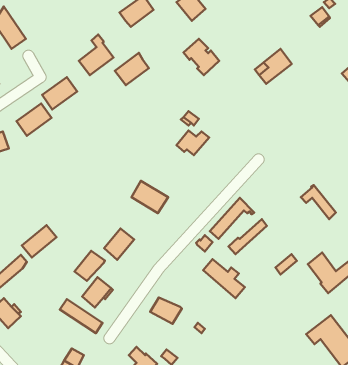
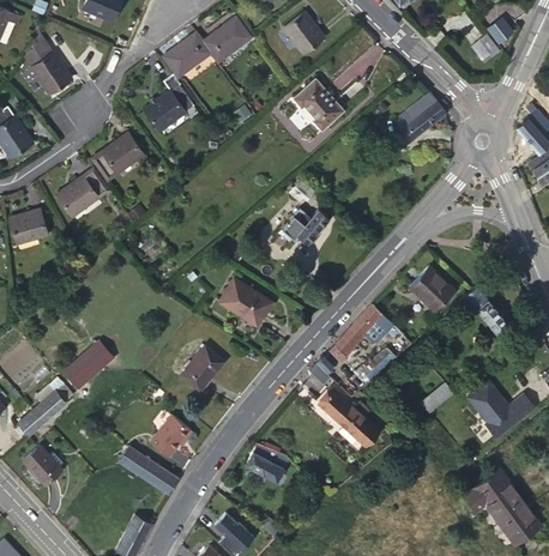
building: [115,53,149,85] -> [163,32,211,78]
building: none -> [409,265,456,310]
building: [74,251,105,281] -> none

